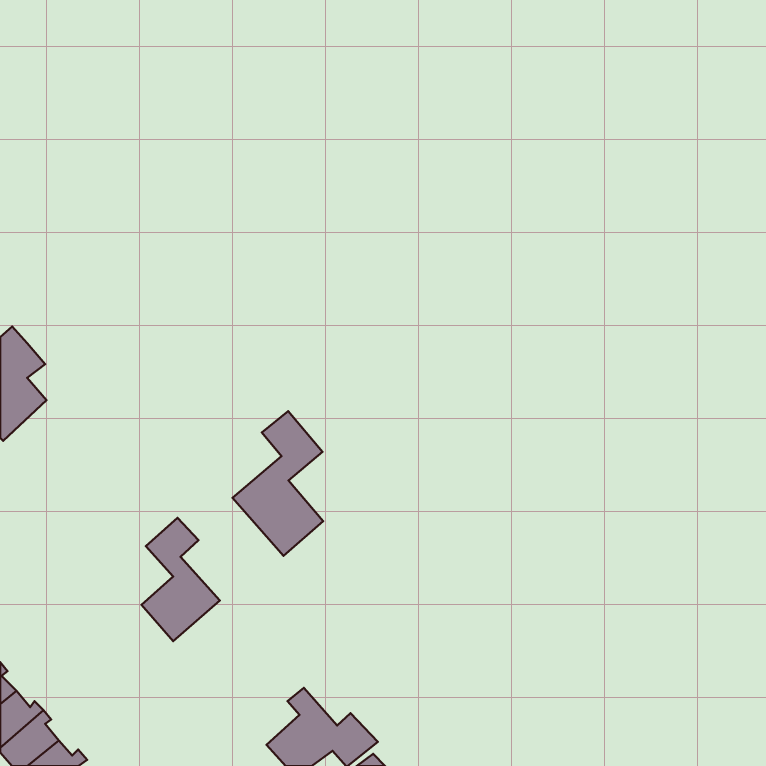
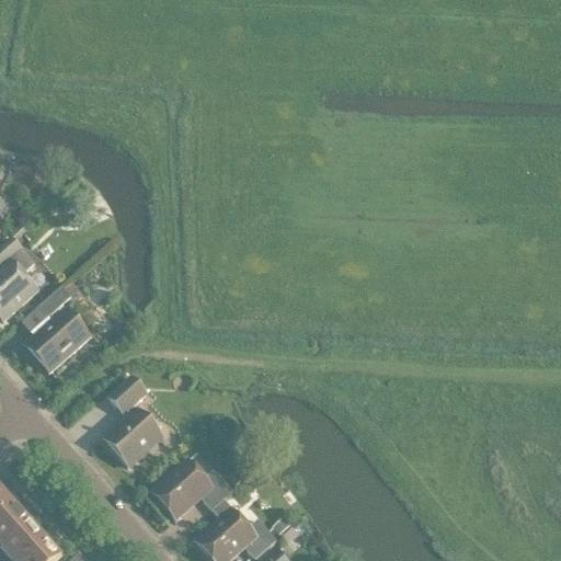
building: none -> [24,283,90,373]
building: [232,411,323,556] -> none
building: none -> [152,461,233,519]

